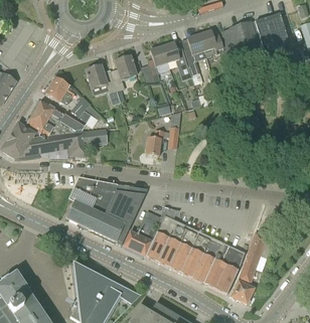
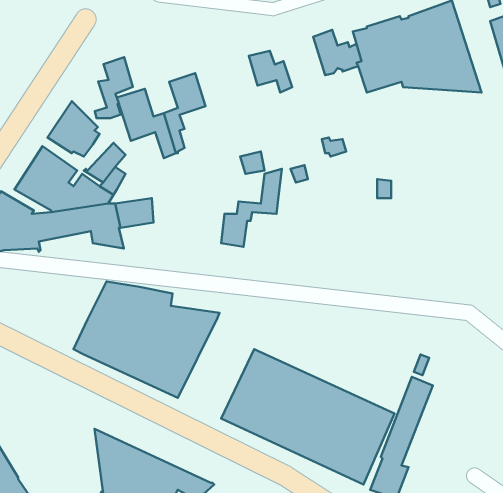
building: [183,34,205,79] -> none
building: [144,45,166,80] -> [95,57,133,118]
building: [123,209,161,256] -> none

